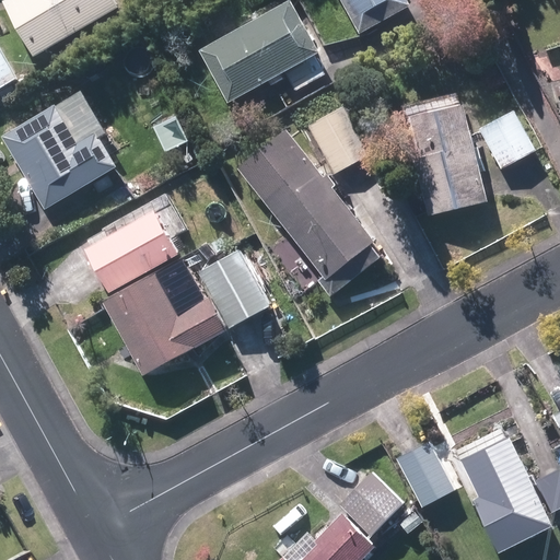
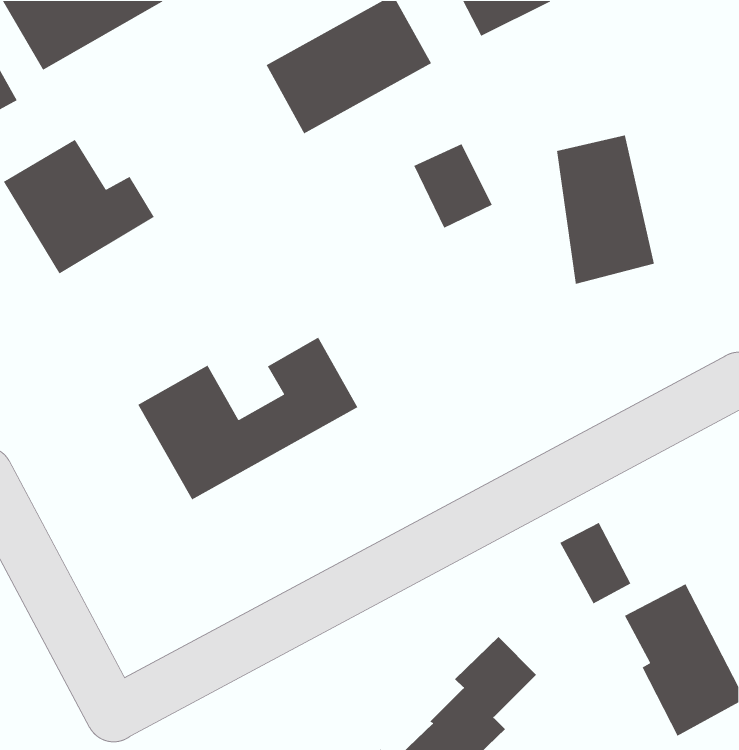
building: [477,113,532,170] -> none
building: [238,129,377,294] -> none
building: [83,212,176,291] -> none
building: [395,443,448,504] -> [559,522,631,605]

